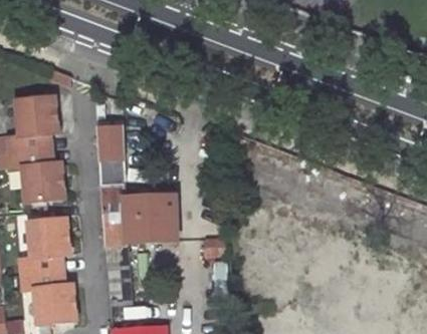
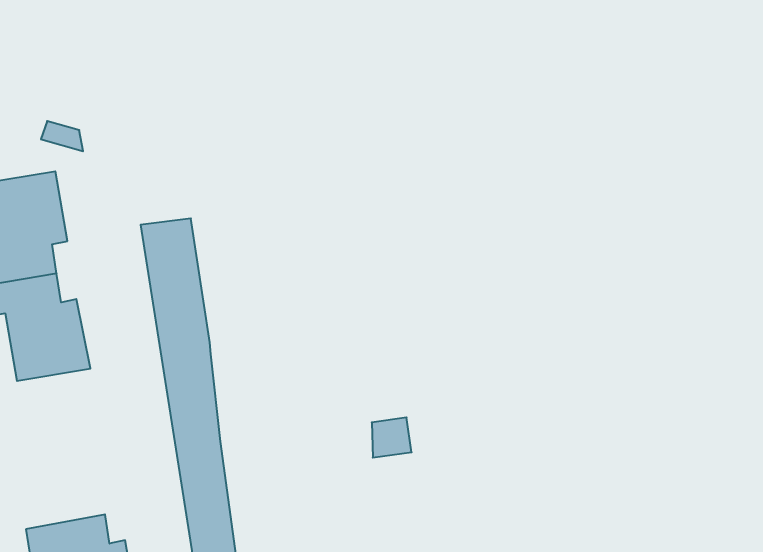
building: [126,188,176,240] -> none
building: [21,220,70,276] -> none

